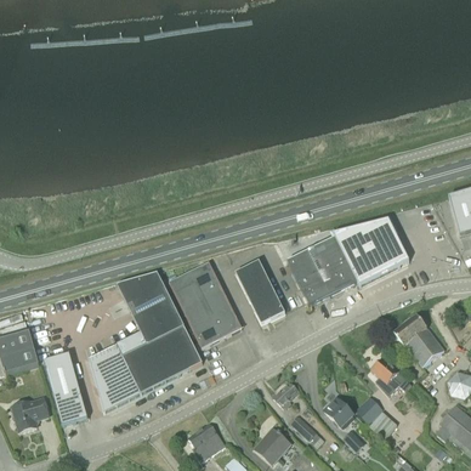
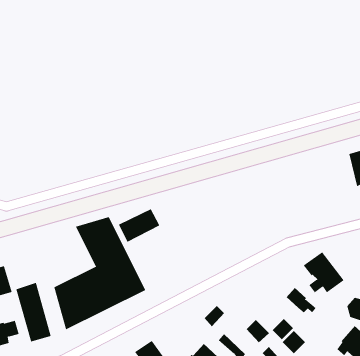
building: [288,219,409,302] -> none
building: [235,260,285,324] -> none
building: [180,283,242,347] -> none

